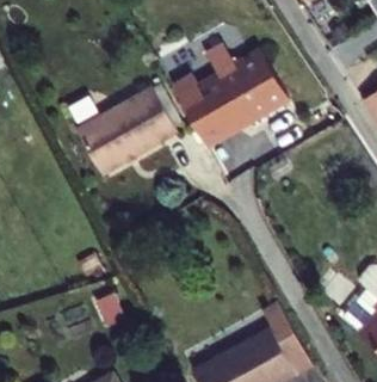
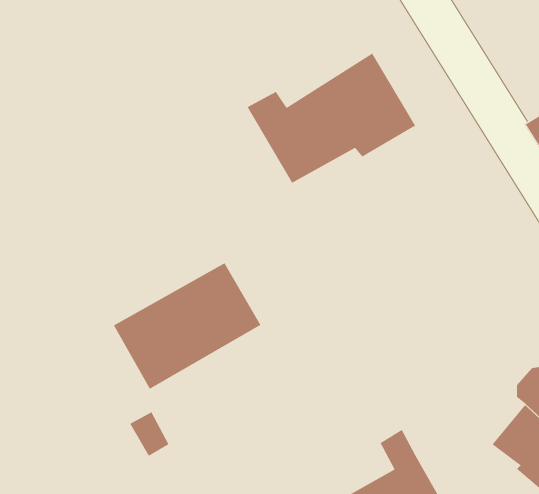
building: [79,87,180,174] -> [113,262,262,390]

